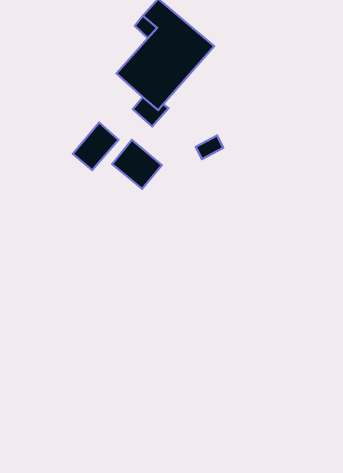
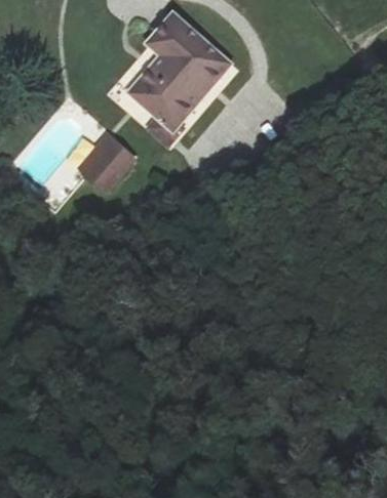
building: [112,140,162,189] -> none

